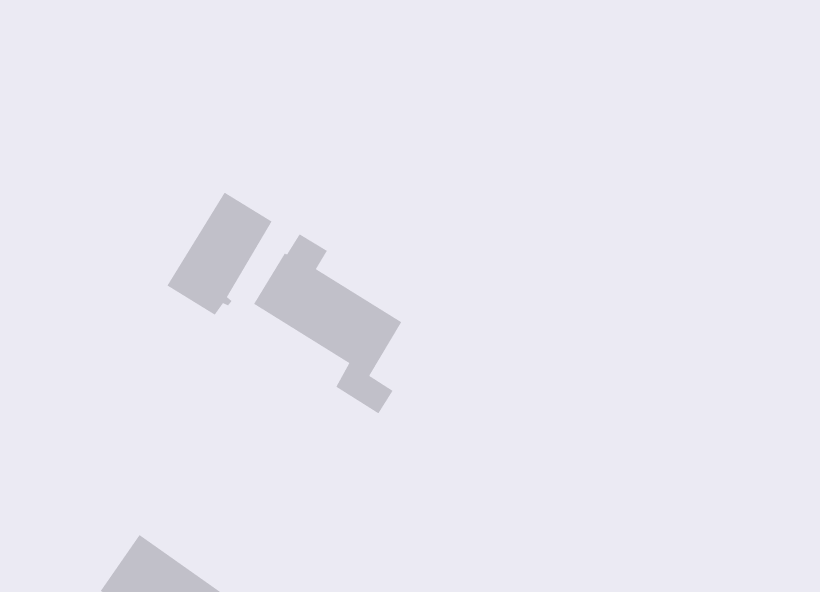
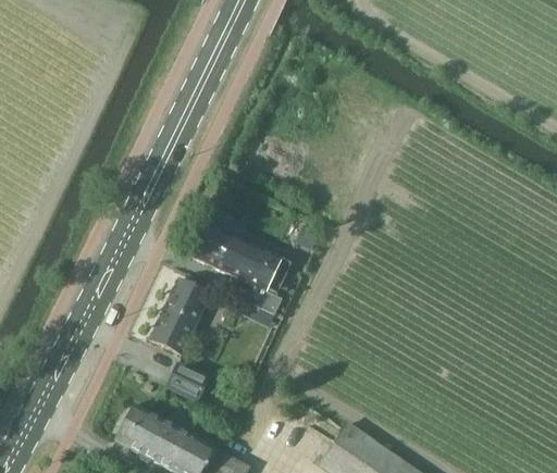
building: [167,192,273,315] -> [150,278,211,354]
building: none -> [166,363,209,402]

